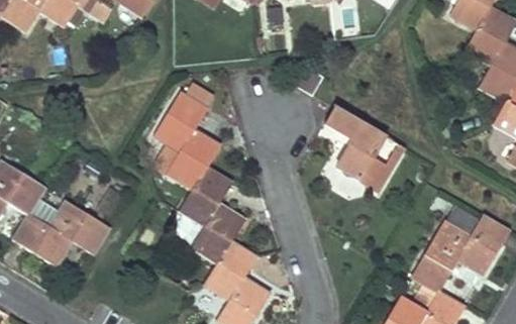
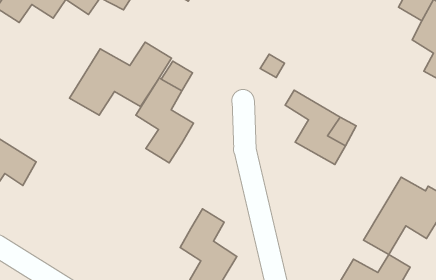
building: none -> [70,42,172,115]
building: [180,167,244,262] -> none
building: [12,201,109,266] -> none

